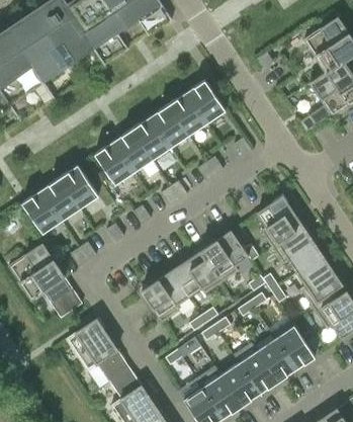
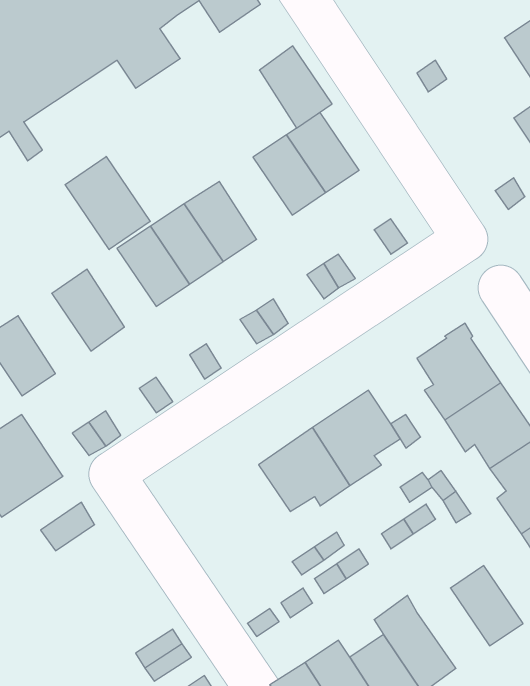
building: none -> [65,156,150,250]
building: [150,103,189,148] -> [259,46,332,128]
building: [40,177,80,221] -> none
building: [141,270,188,321] -> none
building: [67,318,117,369] -> none
building: [257,337,296,381] -> none

